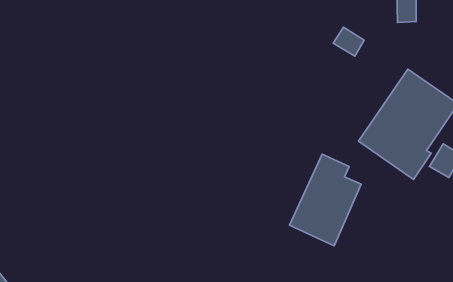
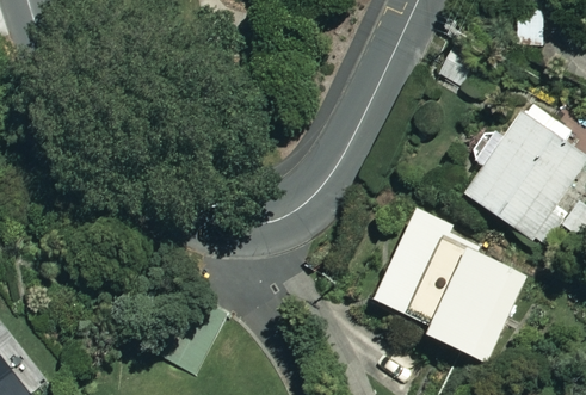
building: none -> [427,247,522,360]

